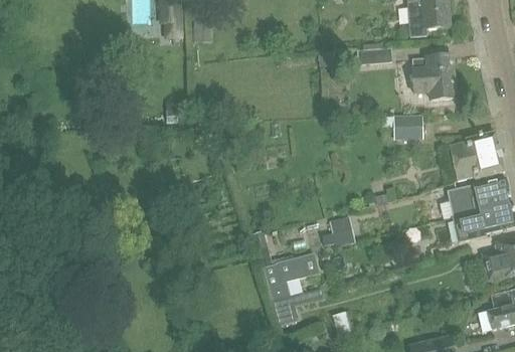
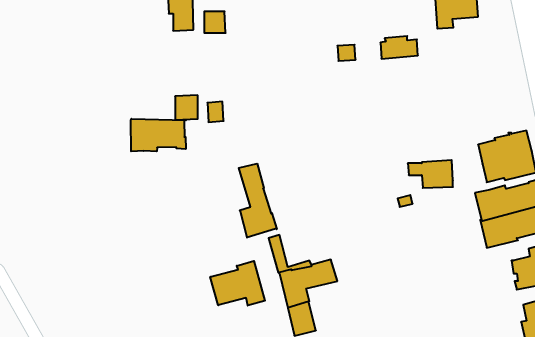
building: [411,54,455,99] -> none
building: [379,113,421,139] -> [408,160,453,188]
building: none -> [131,119,186,151]
building: none -> [239,164,277,238]
building: [329,215,354,245] -> none
building: none -> [210,261,265,306]

